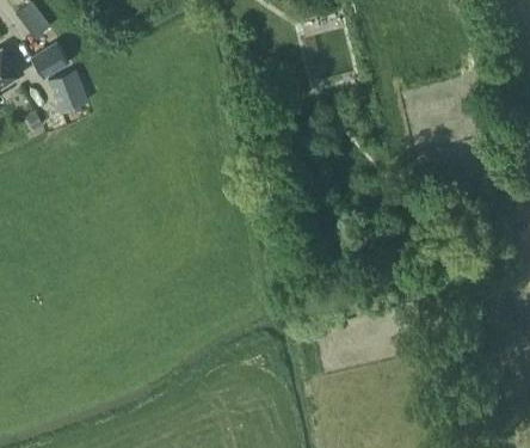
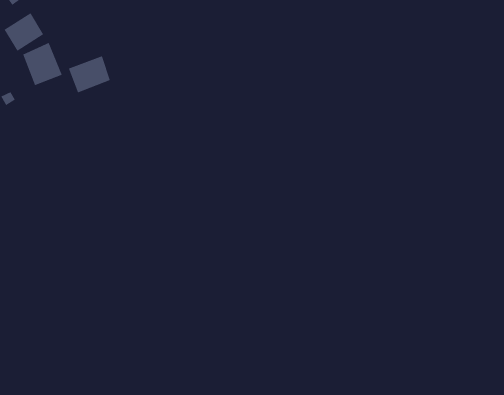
building: none -> [68,55,111,94]

